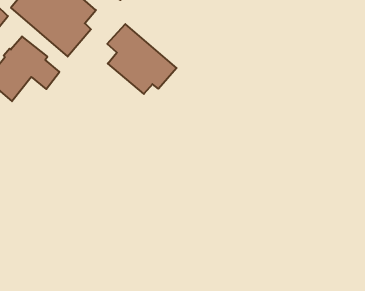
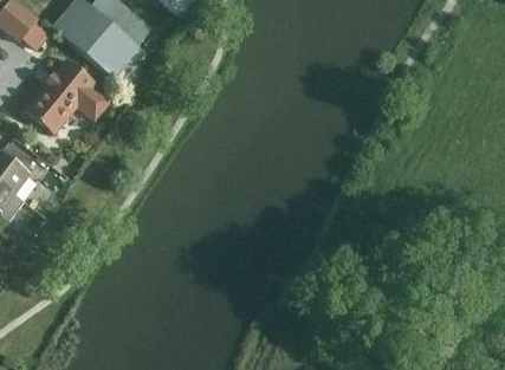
building: [107,24,177,94] -> none

